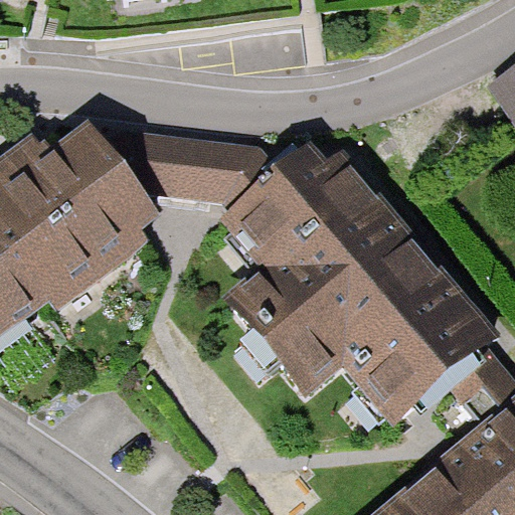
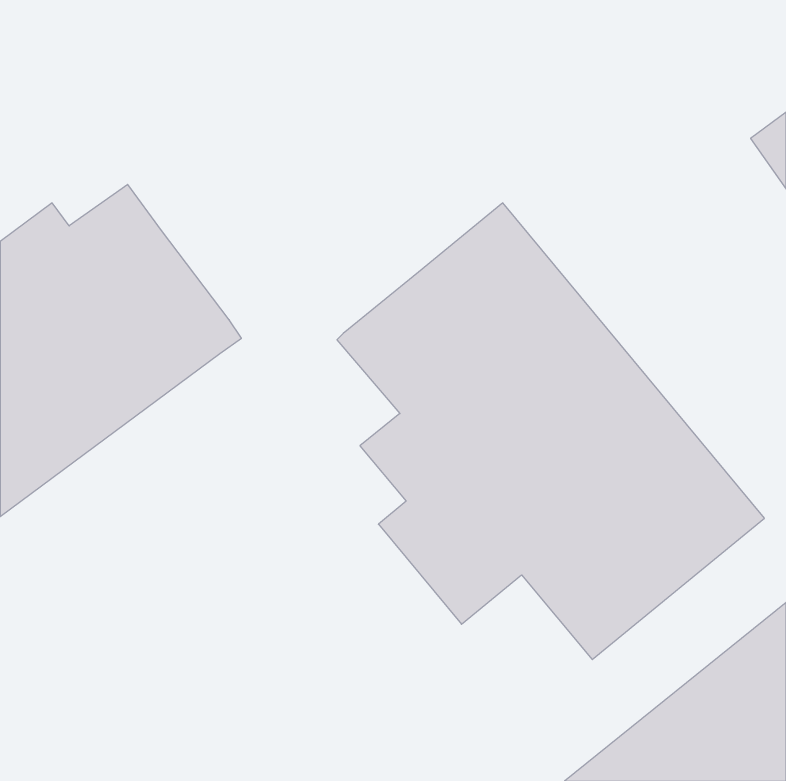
building: [106,133,276,218] -> none

